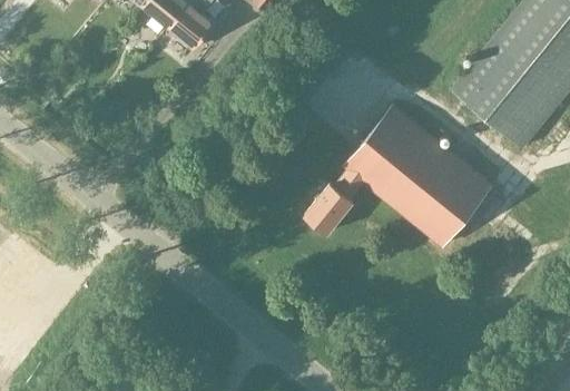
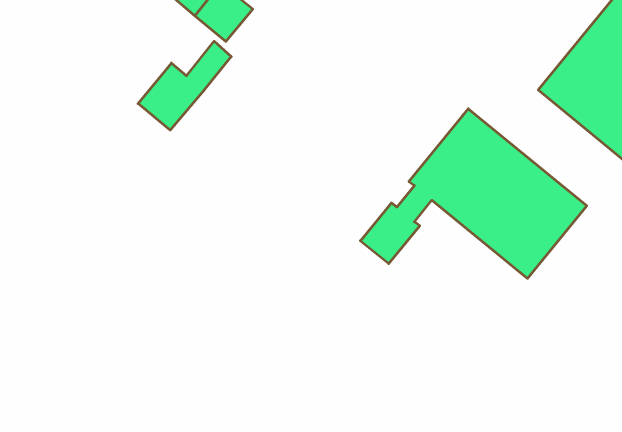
building: none -> [138,41,231,130]

